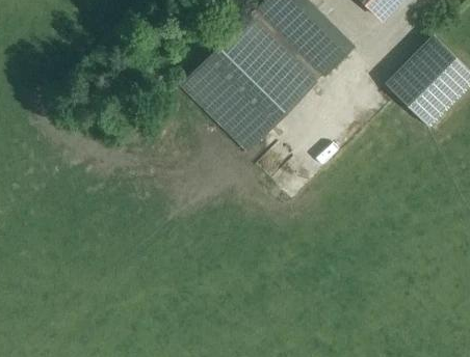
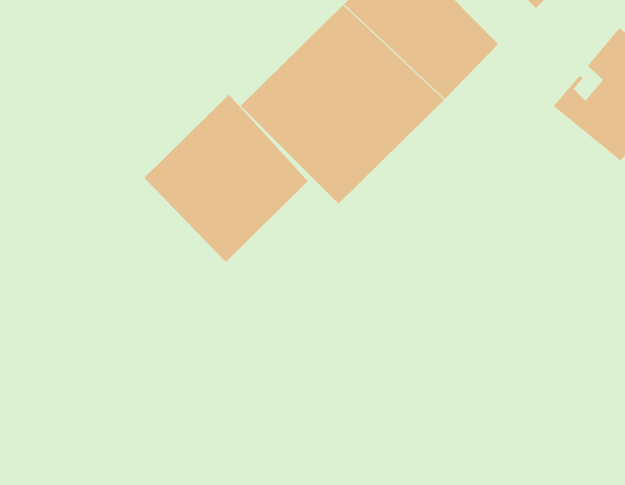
building: none -> [144,94,309,263]

